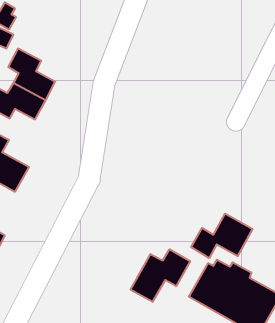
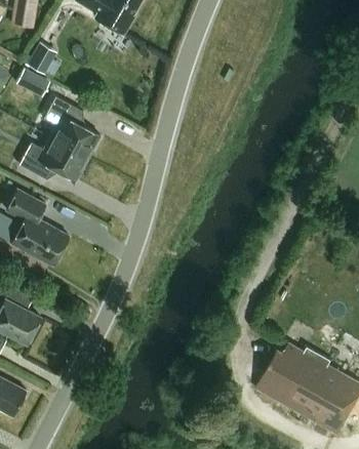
building: [191,214,253,258] -> none
building: [131,249,190,302] -> none

